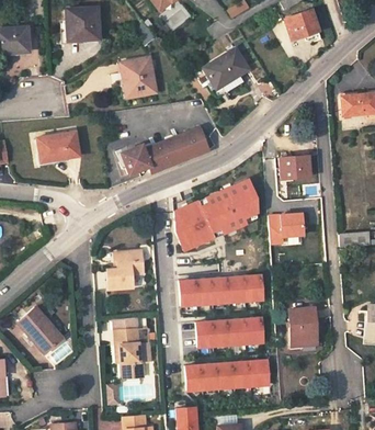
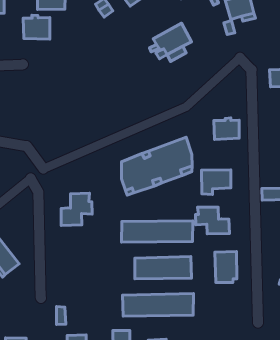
building: none -> [23,15,50,39]
building: [122,58,155,97] -> none
building: [120,126,208,174] -> none
building: [36,131,79,159] -> none
building: none -> [195,207,229,234]
building: [113,316,150,377] -> none

